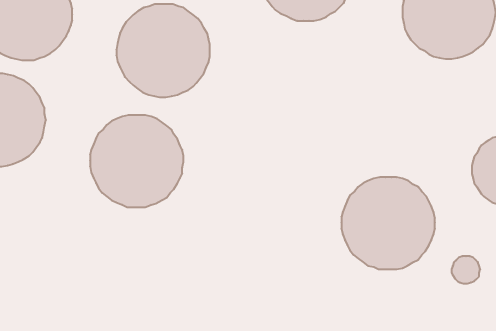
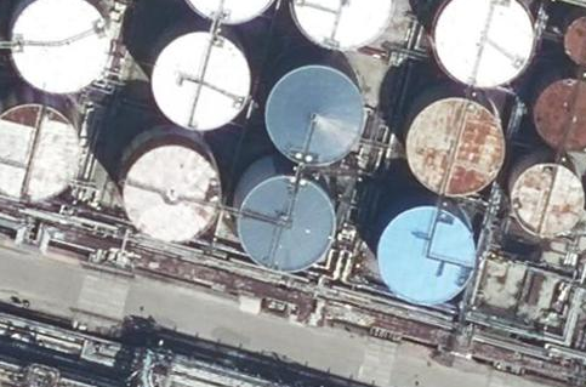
building: none -> [266,59,360,154]
building: none -> [406,99,501,193]
building: none -> [235,169,330,263]

